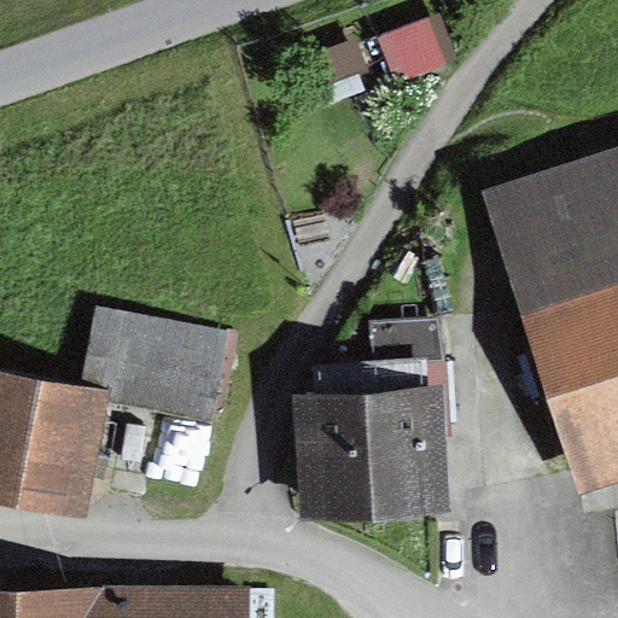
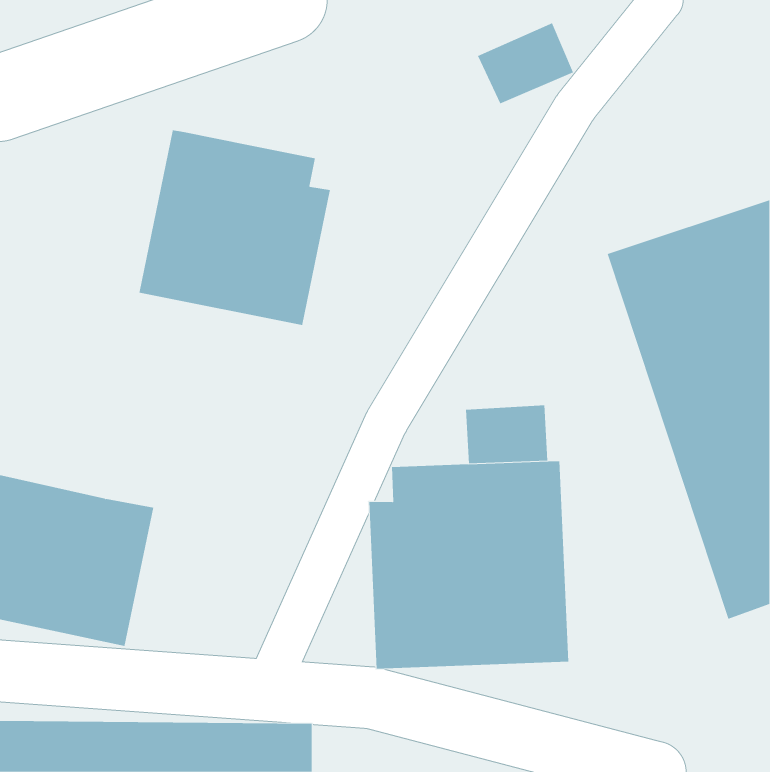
building: none -> [139,130,330,326]
building: [84,310,232,425] -> none

